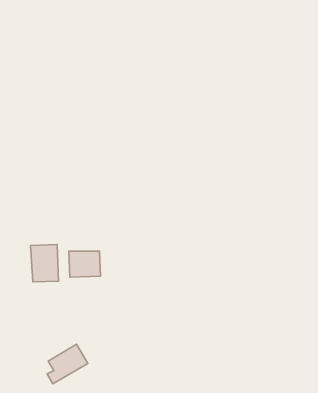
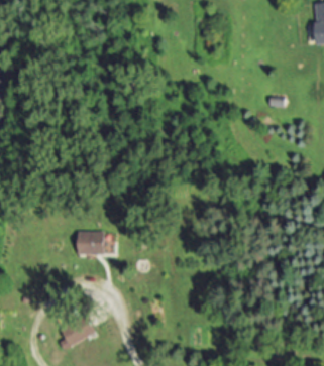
building: [30,245,58,282] -> none

